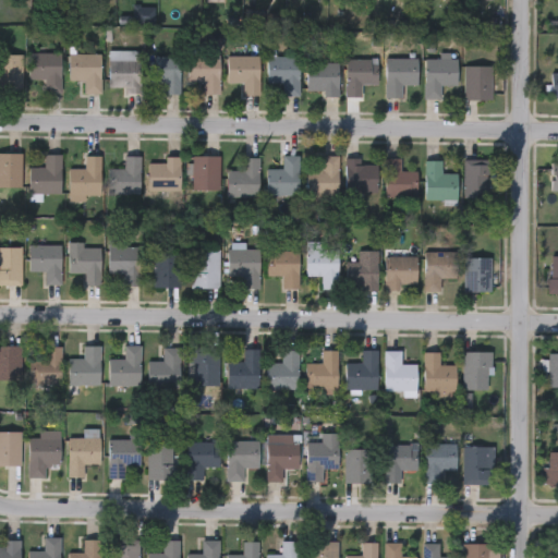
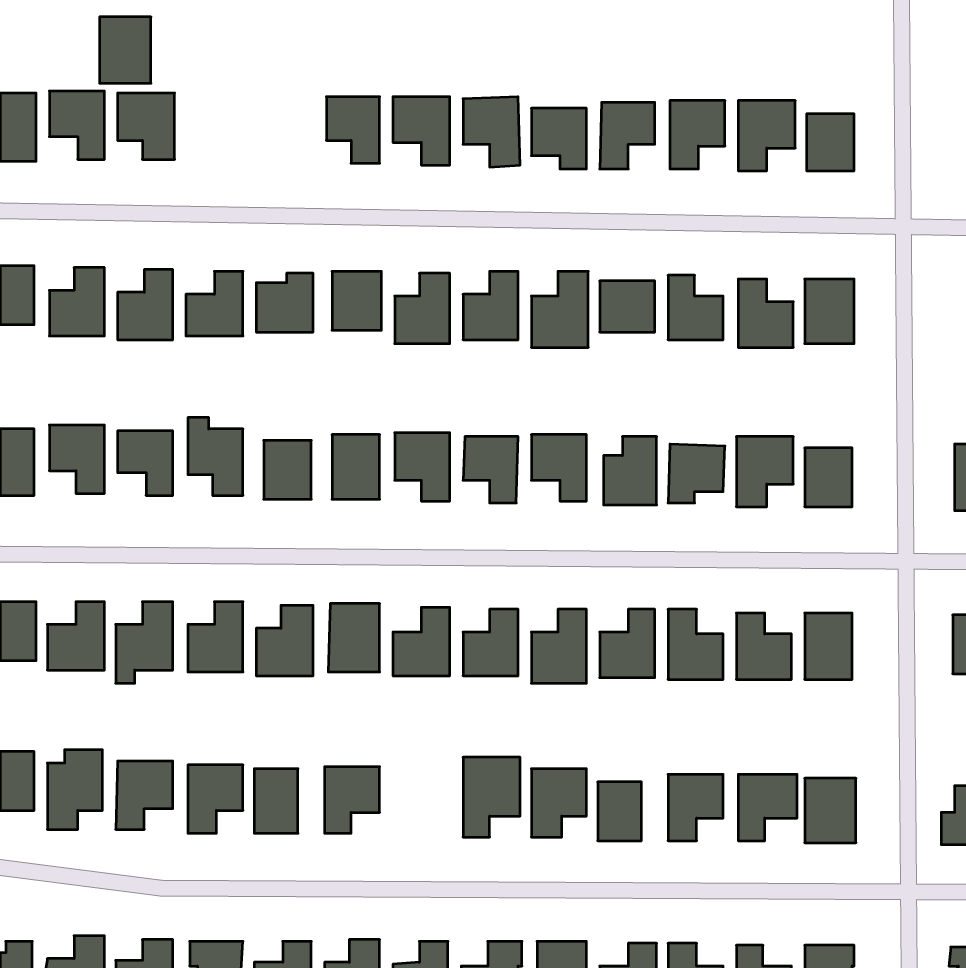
building: [110,52,140,90] -> [100,17,151,83]
building: [150,58,181,95] -> none
building: [228,442,259,482] -> none

